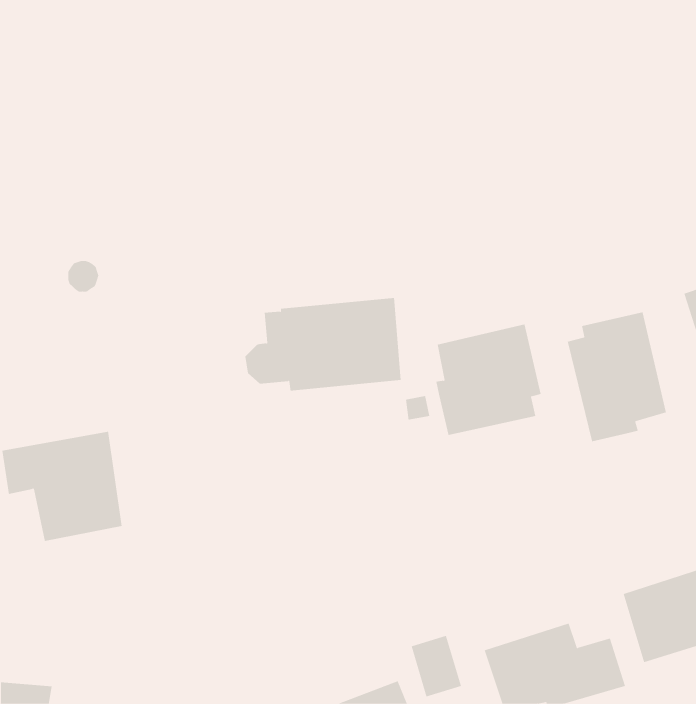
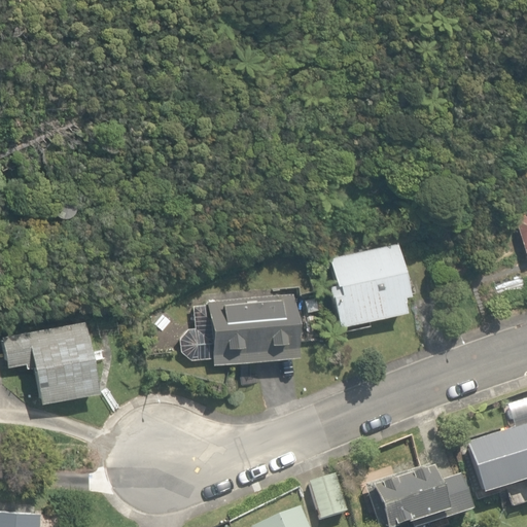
building: [244,297,402,391] -> [182,293,300,363]
building: [567,311,666,442] -> none

